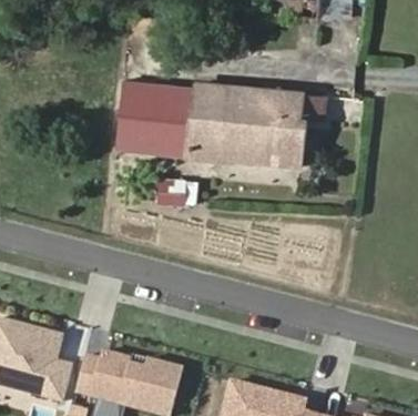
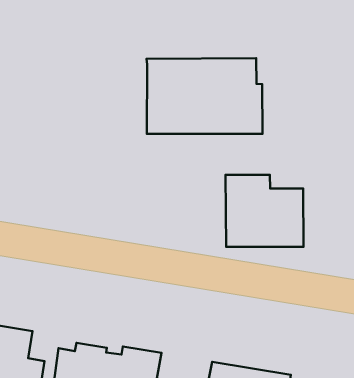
building: [116,84,196,155] -> none
building: none -> [226,175,304,247]

